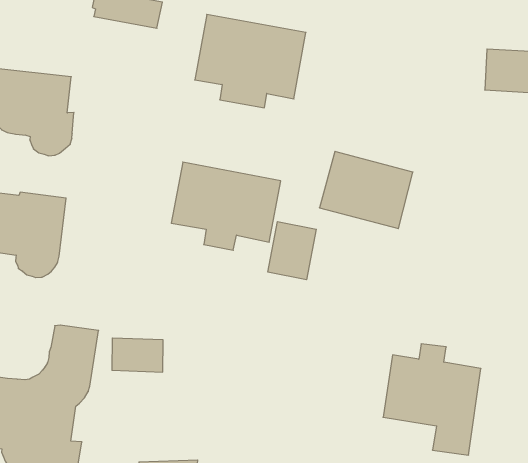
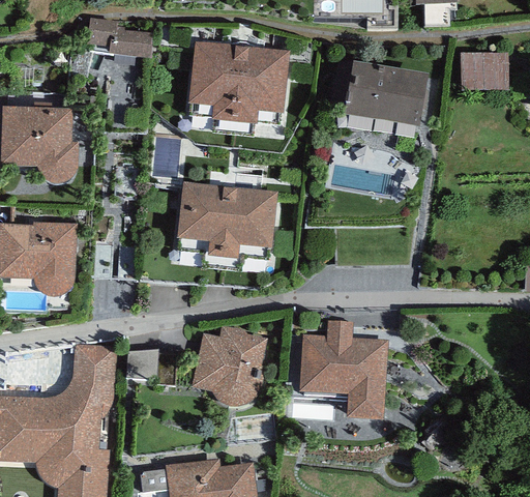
building: [319,151,413,229] -> [344,61,429,128]
building: [268,222,316,280] -> none
building: none -> [192,324,266,407]
building: [383,344,481,455] -> [298,320,386,420]

